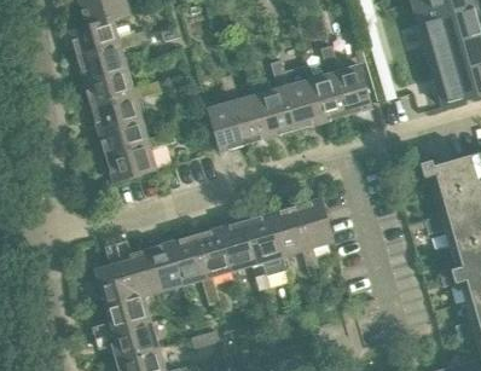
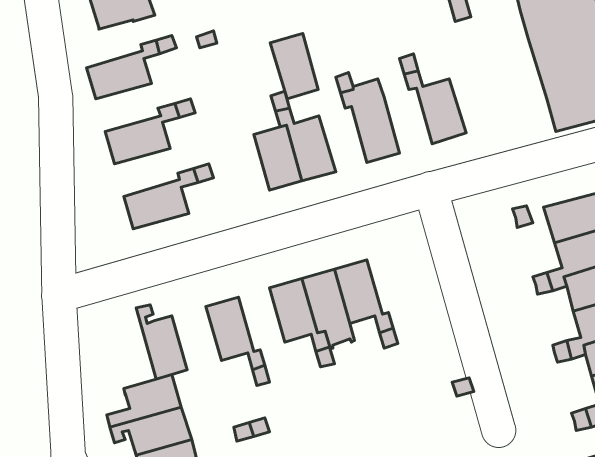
building: [69,18,120,56] -> none
building: [83,68,134,105] -> none
building: [308,71,346,122] -> none
building: [257,86,295,137] -> [270,34,318,99]
building: [98,118,149,156] -> none
building: [295,197,332,248] -> none
building: [195,227,231,277] -> none
building: [143,242,181,291] -> none
building: [94,243,131,306] -> none

